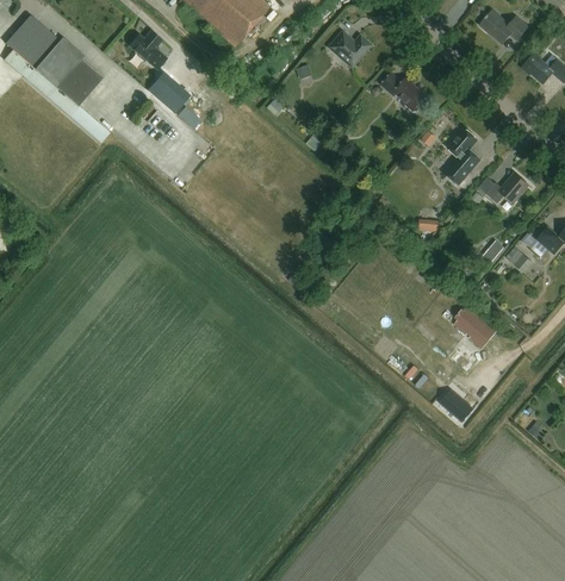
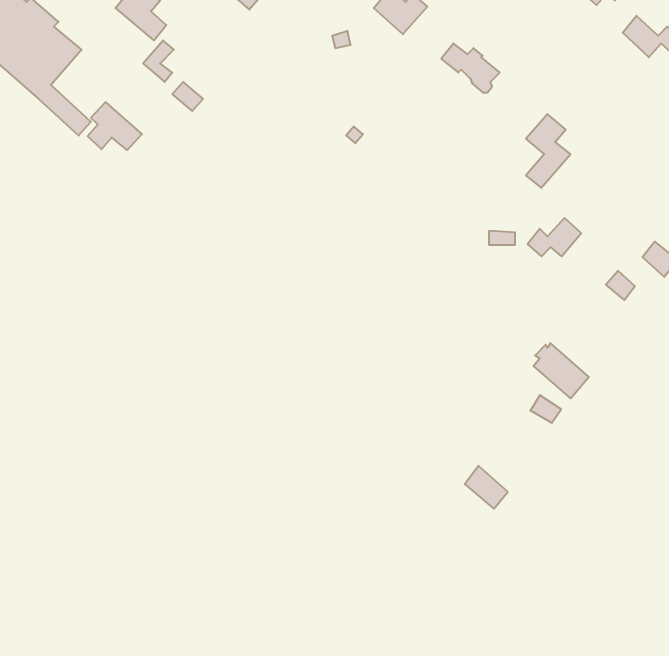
building: none -> [88,102,142,150]
building: [486,173,528,202] -> [528,218,581,256]
building: [440,388,473,421] -> [465,466,508,509]

